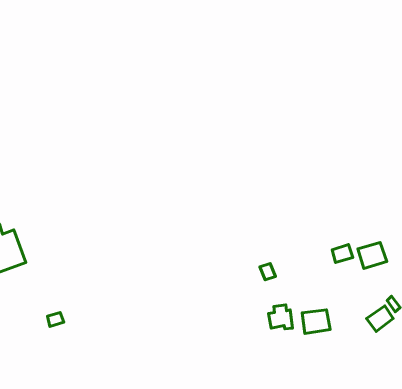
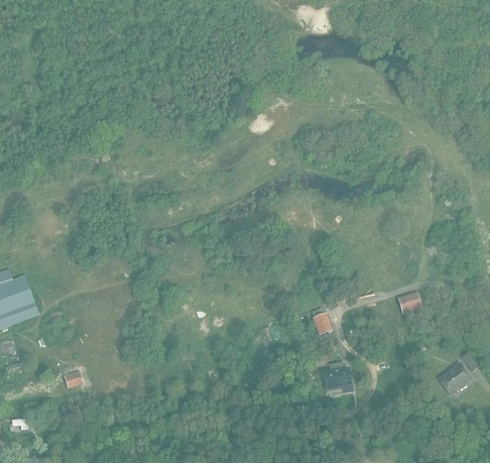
building: [358,243,387,269] -> none
building: [302,310,330,333] -> none

